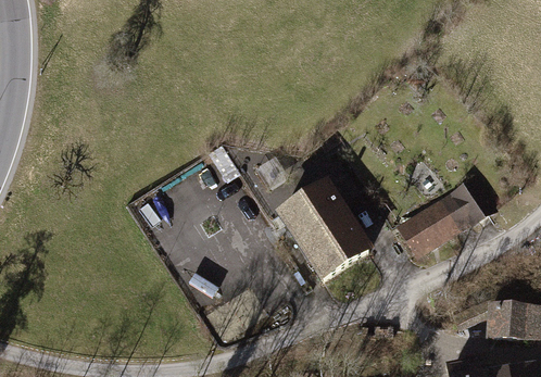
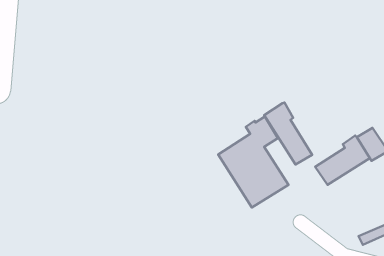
building: none -> [264,103,312,165]

